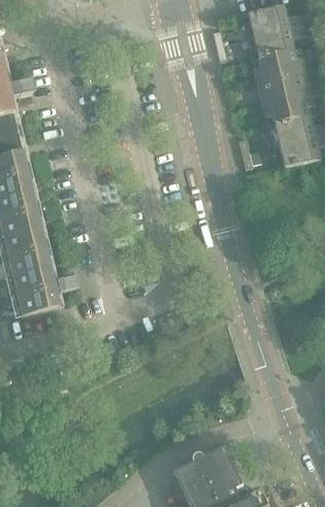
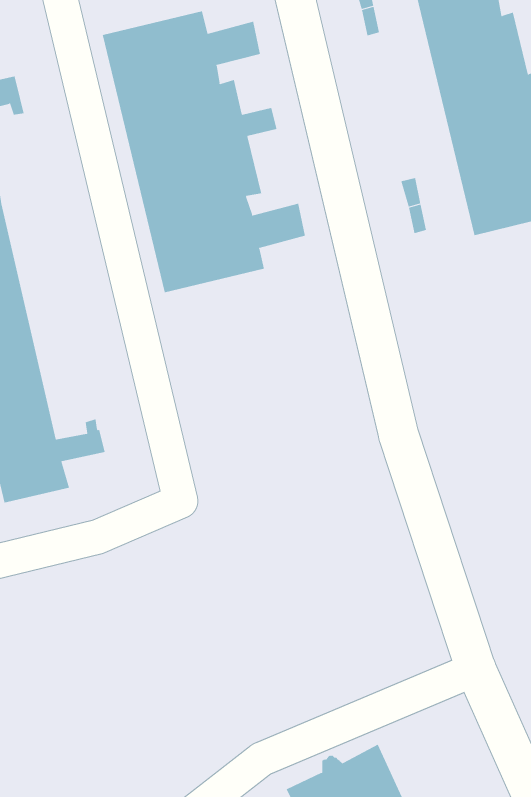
building: none -> [102,11,305,293]

